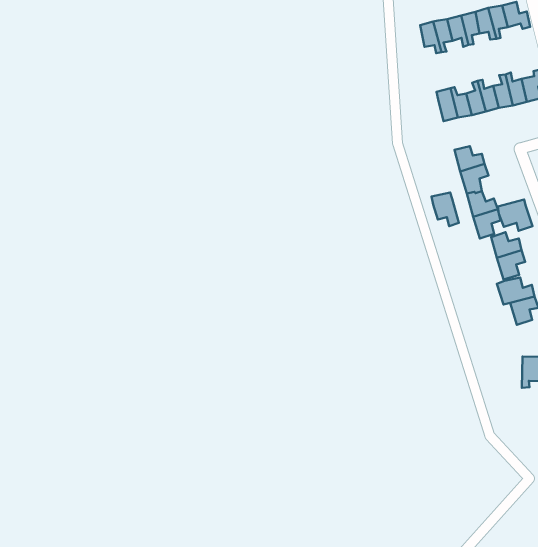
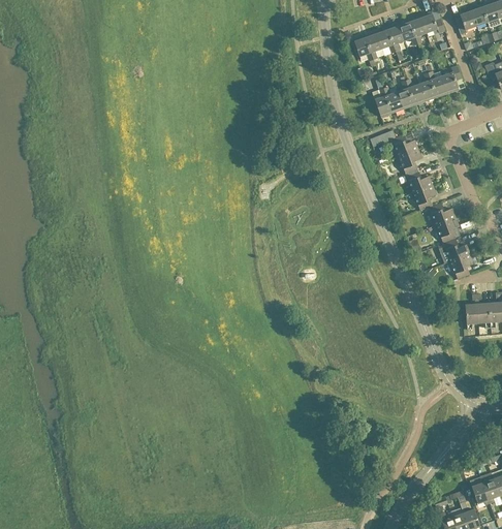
building: [432,192,459,226] -> none
building: [498,199,532,231] -> none

